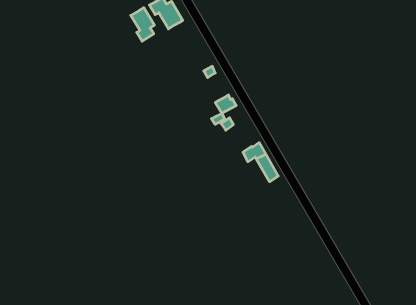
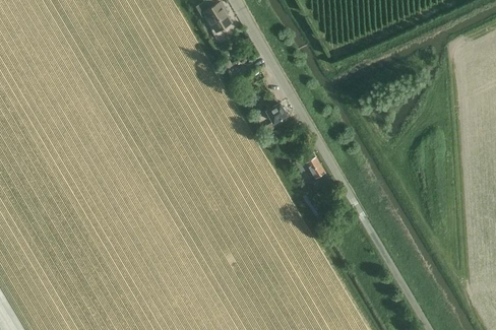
building: [131,8,154,41] -> none

